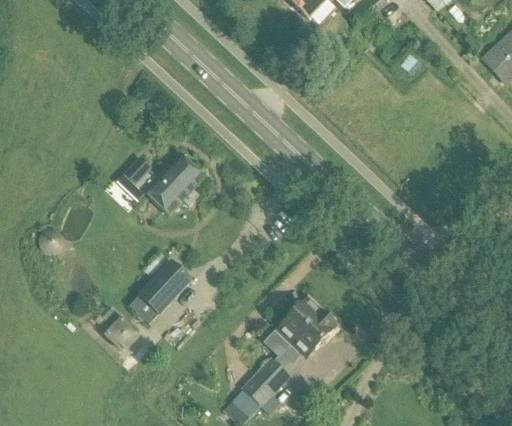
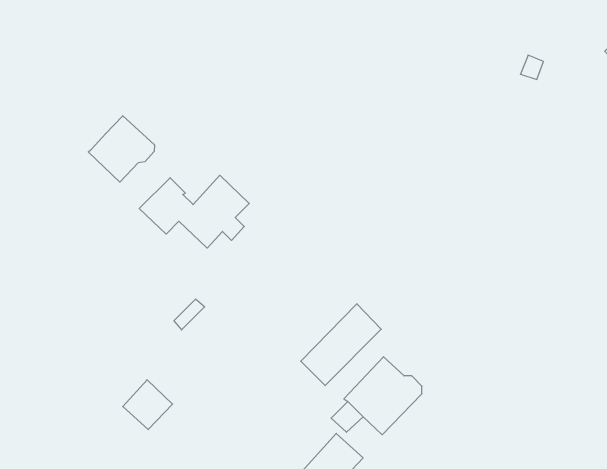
building: none -> [88,116,154,182]
building: [129,260,192,324] -> [301,304,381,386]

